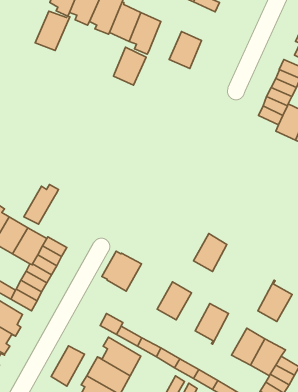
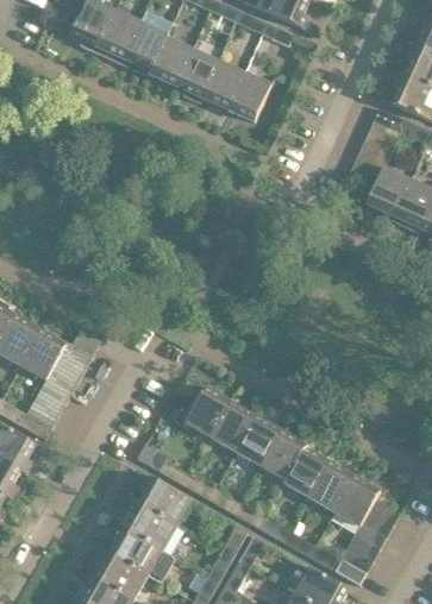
building: [35,11,70,51] -> none
building: [114,47,146,85] -> [200,59,243,109]
building: [24,185,58,224] -> none
building: [194,234,227,272] -> [236,416,280,466]
building: [102,251,142,291] -> [179,385,231,438]
building: [258,280,292,322] -> [283,443,328,498]
building: [51,346,85,386] -> none

